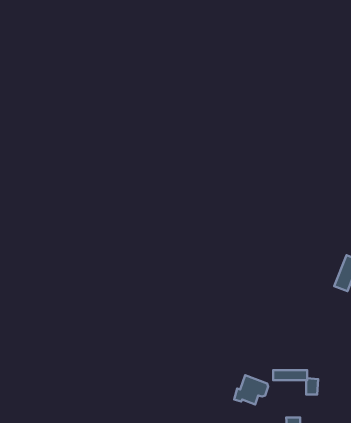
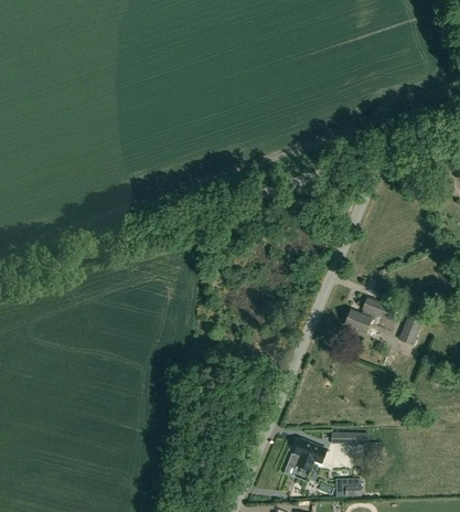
building: none -> [344,299,395,333]

